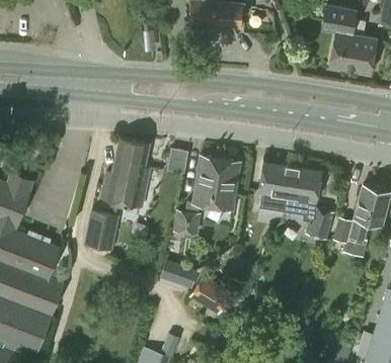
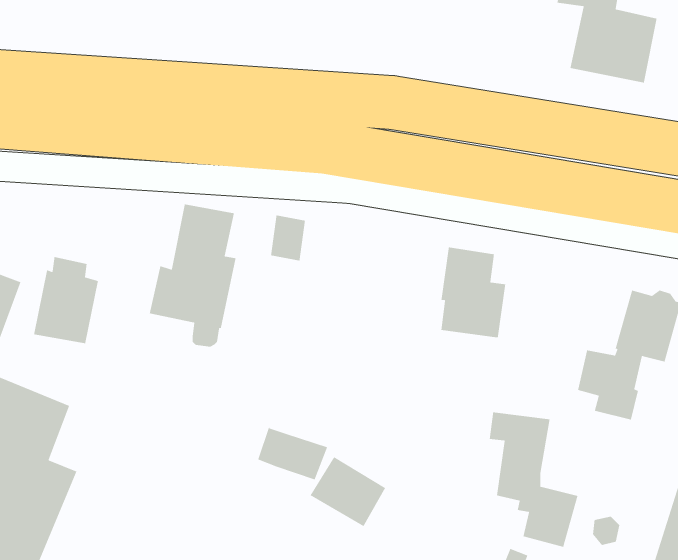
building: [174,156,240,235] -> none
building: [287,167,335,241] -> [489,411,579,548]
building: [83,203,119,251] -> [33,256,99,344]

